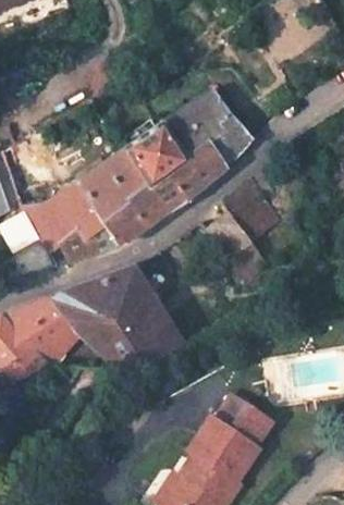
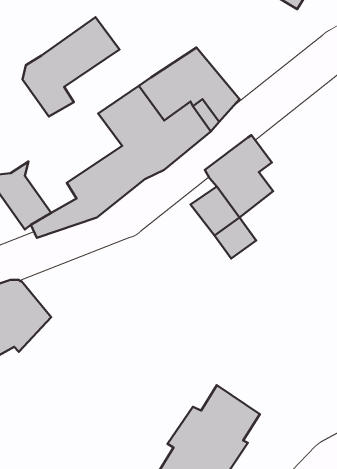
building: [57,149,145,239] -> [22,17,119,117]
building: [53,267,186,371] -> none

